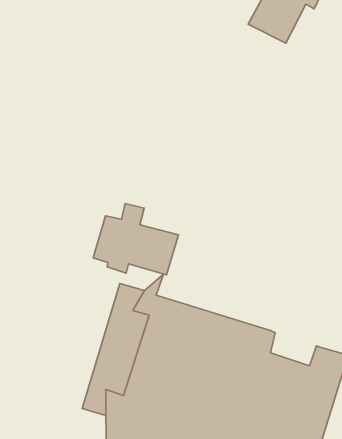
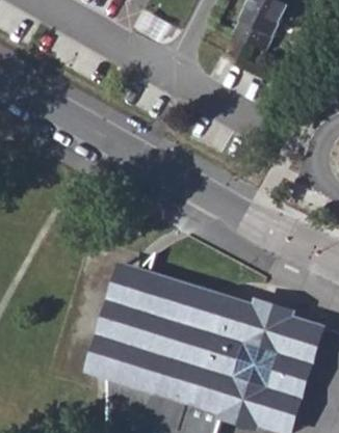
building: [93,203,179,275] -> none
building: none -> [252,296,297,334]

